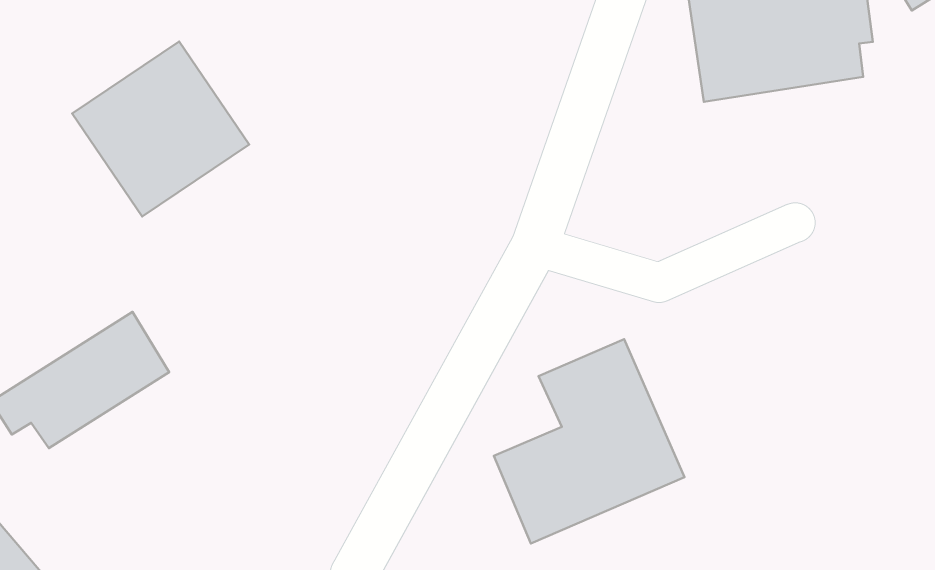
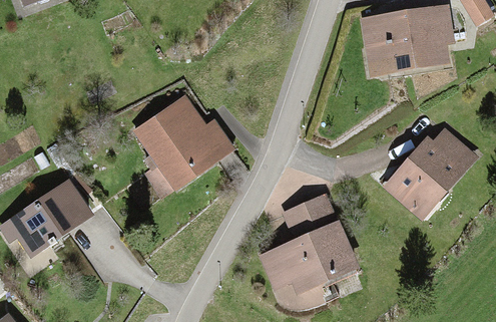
building: [72,42,249,217] -> [134,97,225,188]
building: none -> [383,126,471,217]

